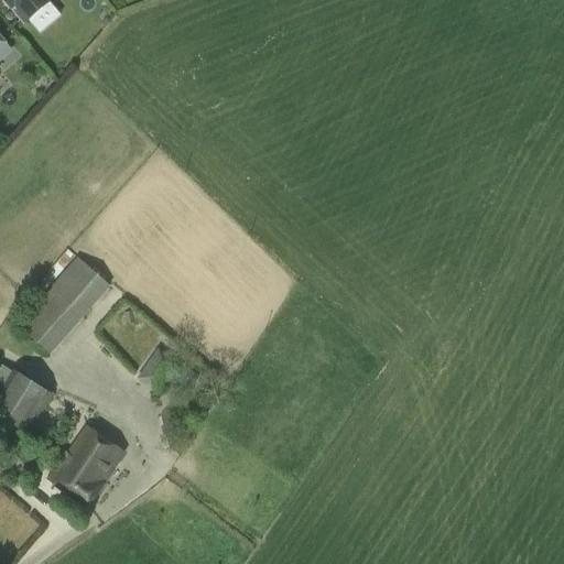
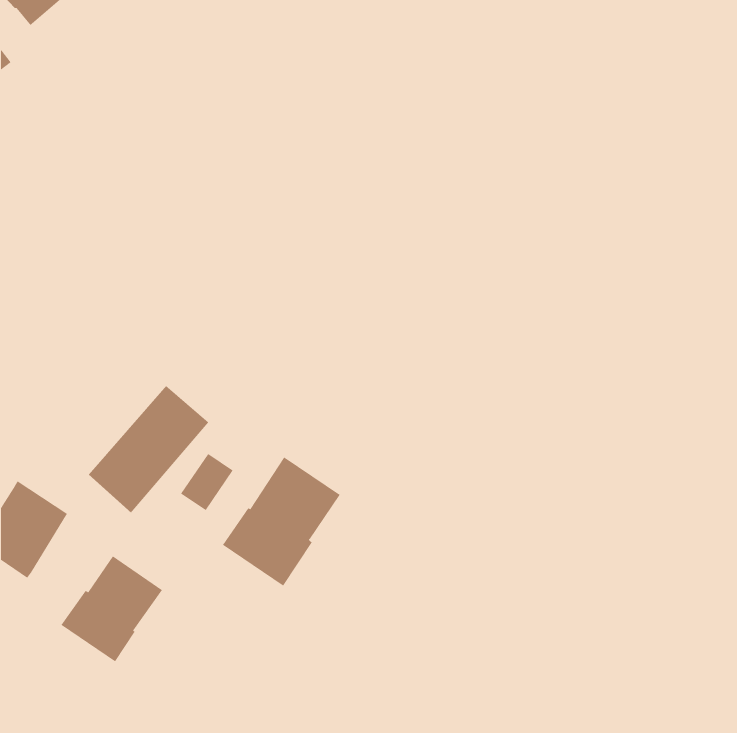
building: [18,254,110,352] -> [88,385,209,514]
building: none -> [222,456,341,587]

